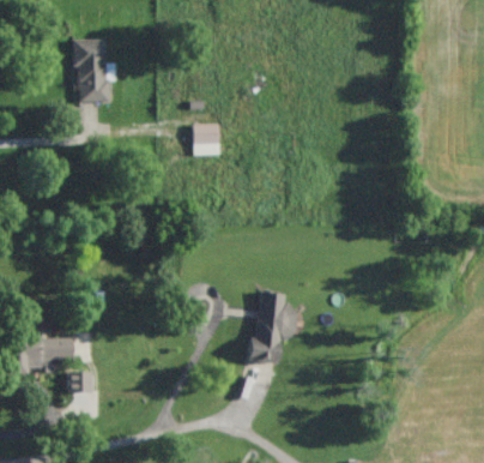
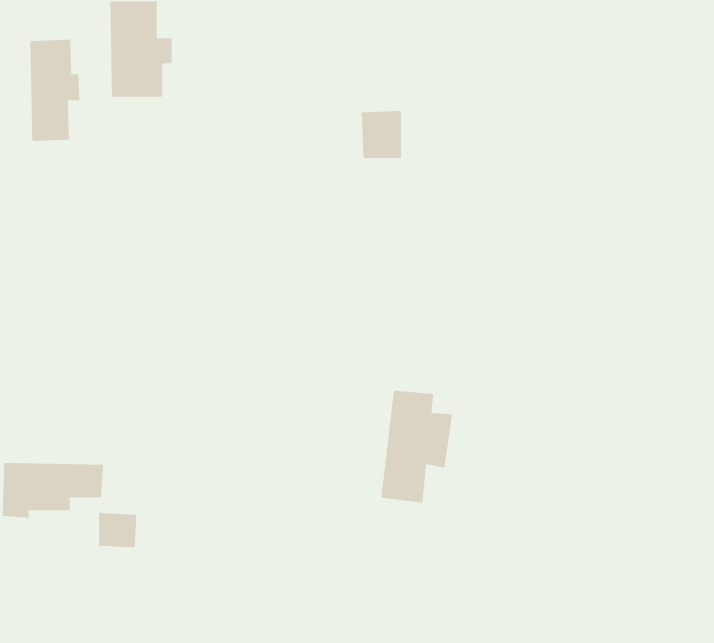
building: none -> [30,39,80,142]
building: [192,124,218,155] -> [361,110,402,159]

